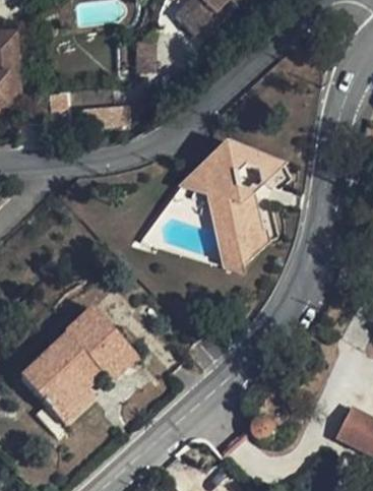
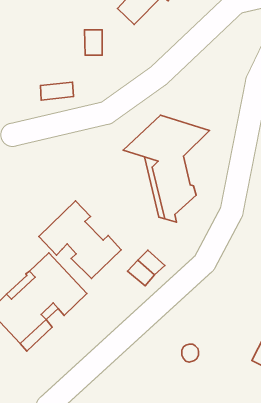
building: none -> [39,201,121,278]

